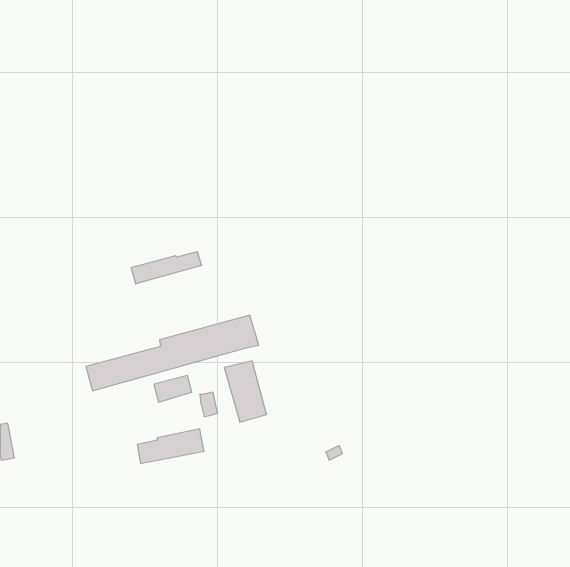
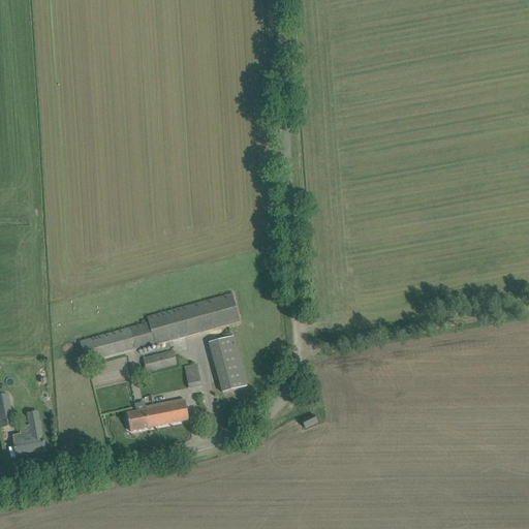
building: [131,252,202,284] -> none
building: none -> [12,417,45,454]

